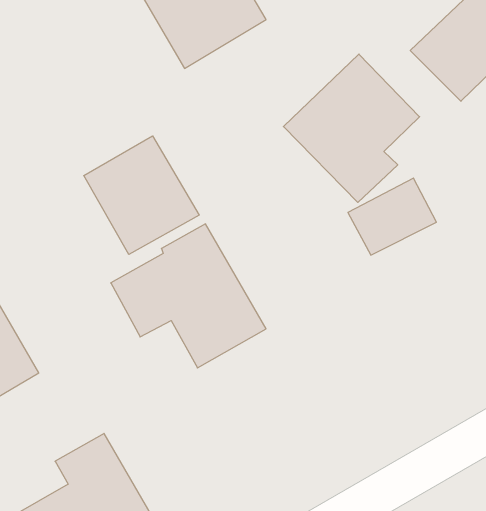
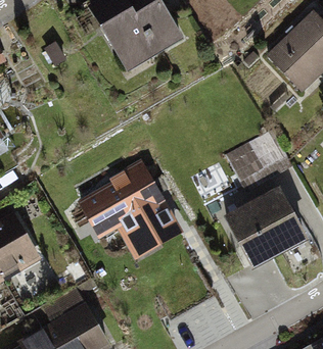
building: [283,54,420,202] -> none
building: [84,136,199,254] -> none
building: none -> [227,192,302,265]

